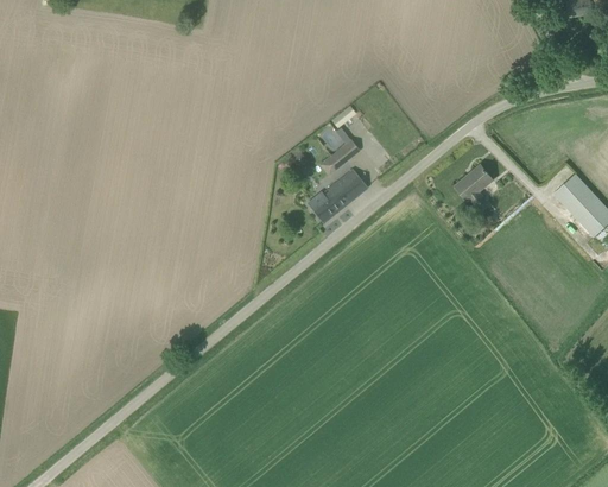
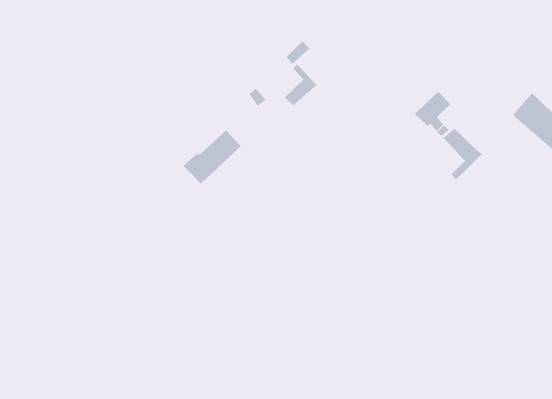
building: [305,169,366,222] -> [183,130,242,185]
building: none -> [443,128,483,180]

